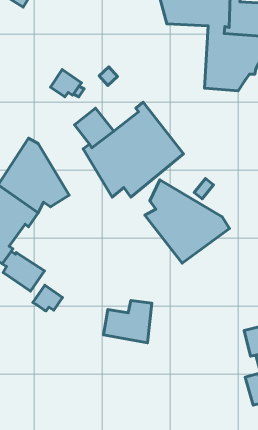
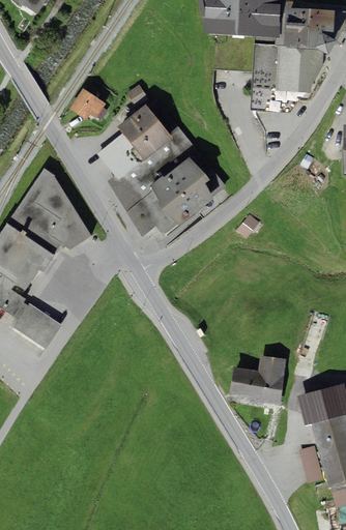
building: none -> [117,104,173,159]
building: [145,180,230,263] -> none
building: [33,285,62,311] -> none
building: [103,301,152,343] -> [229,355,286,405]

